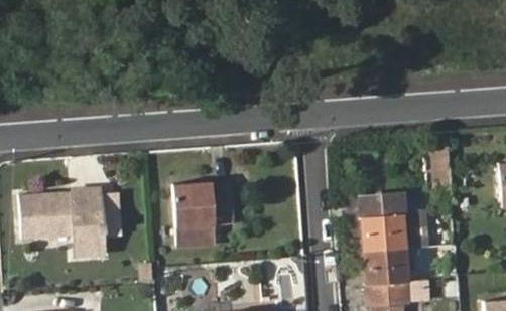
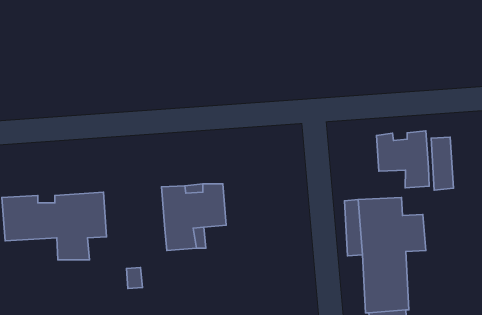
building: none -> [376,131,429,188]

